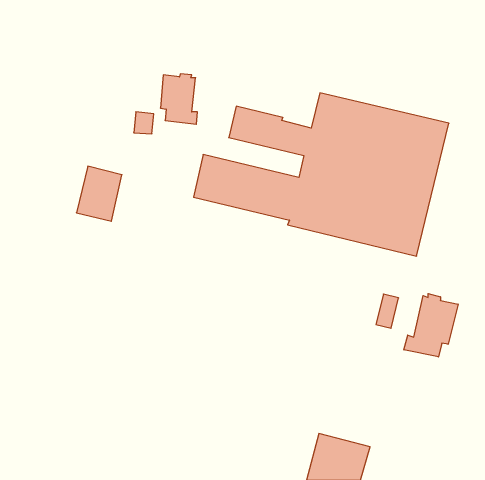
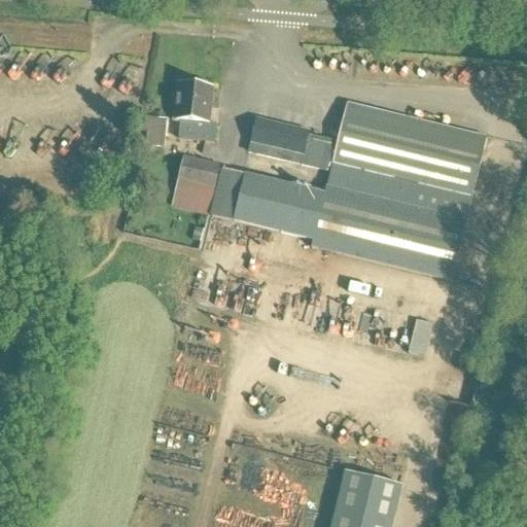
building: [76,166,122,221] -> [171,154,220,214]
building: [404,294,458,357] -> none

